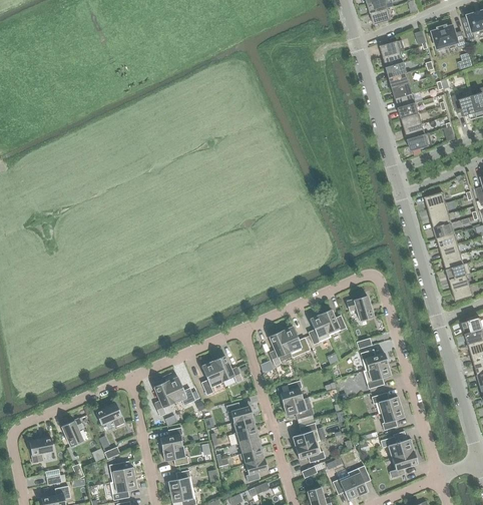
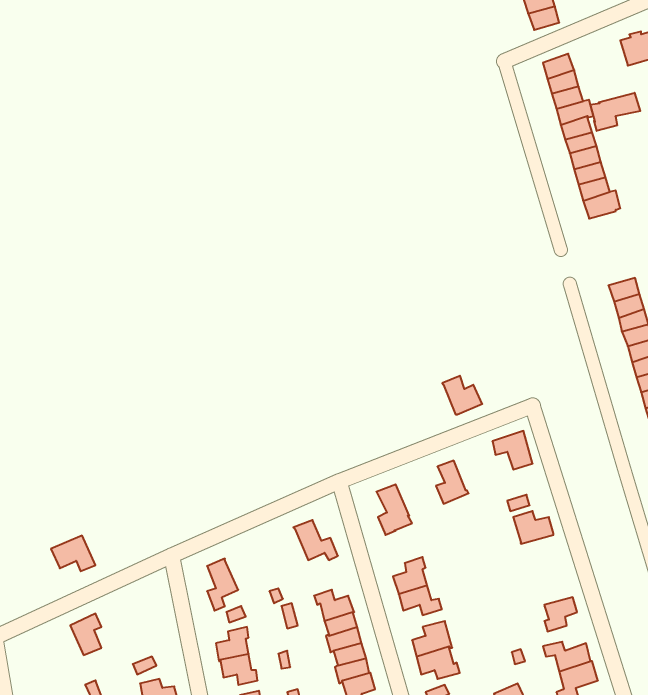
building: none -> [590,93,640,131]
building: [319,309,346,335] -> [442,376,482,414]
building: [281,326,310,353] -> none
building: [200,361,221,395] -> none
building: [363,365,390,389] -> none
building: [165,376,194,405] -> none
building: [371,392,400,413] -> none
building: [94,402,124,426] -> [51,536,95,571]
building: [28,437,53,463] -> none

